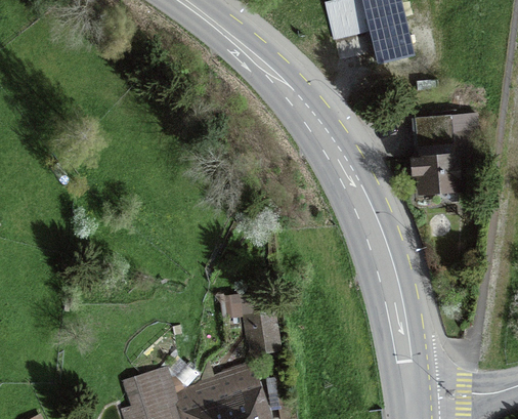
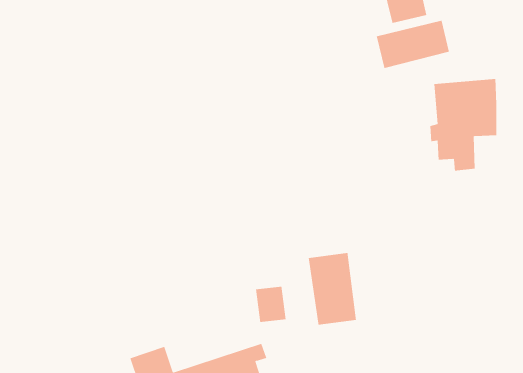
building: none -> [376,20,450,69]
building: none -> [308,252,356,325]

